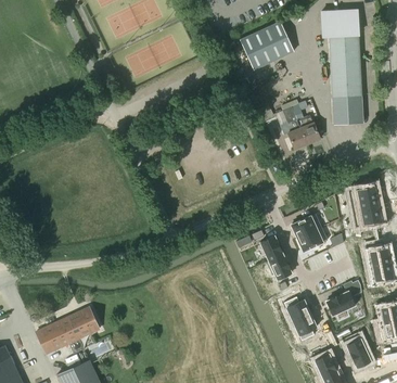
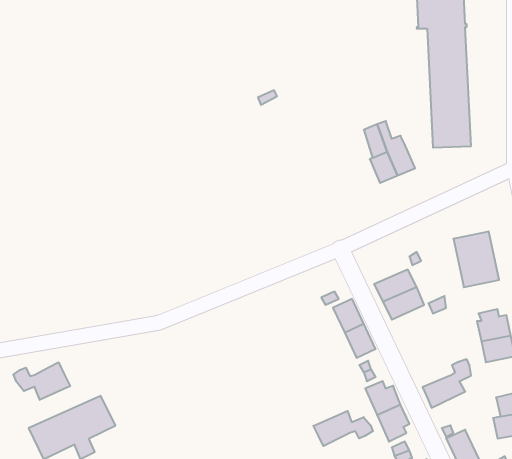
building: [241,22,294,69] -> none
building: none -> [13,362,70,400]
building: none -> [313,411,373,446]

